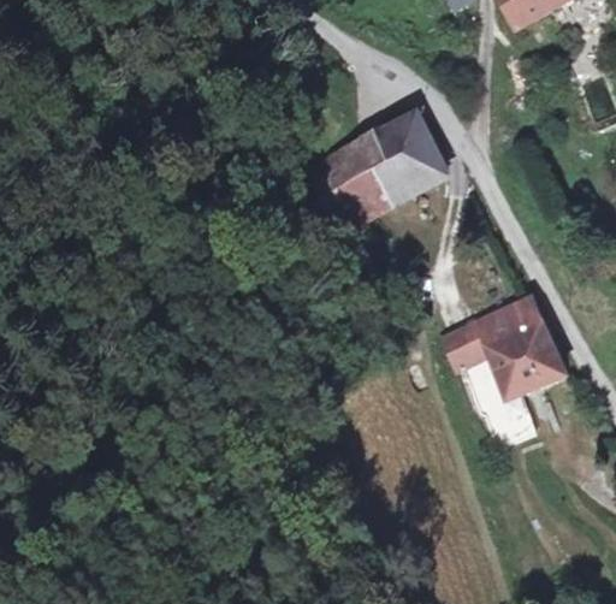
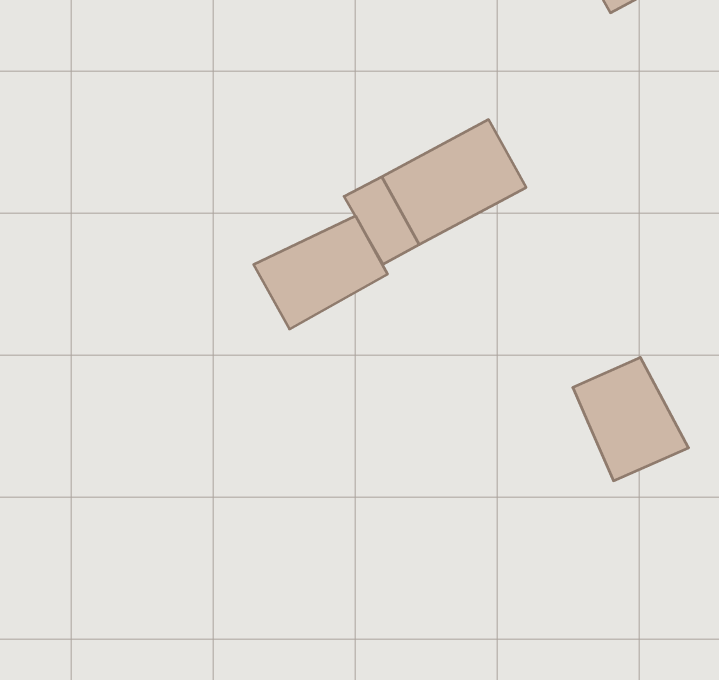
building: none -> [254,216,387,329]
building: [446,324,492,367] -> none

